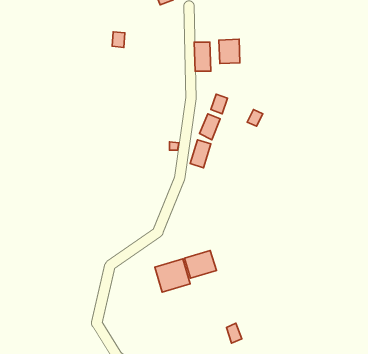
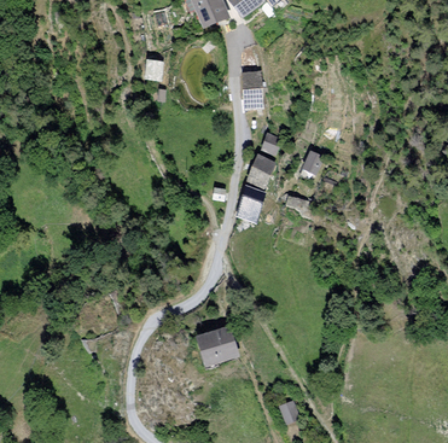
building: [219,39,240,64] -> none
building: [184,250,216,278] -> none

